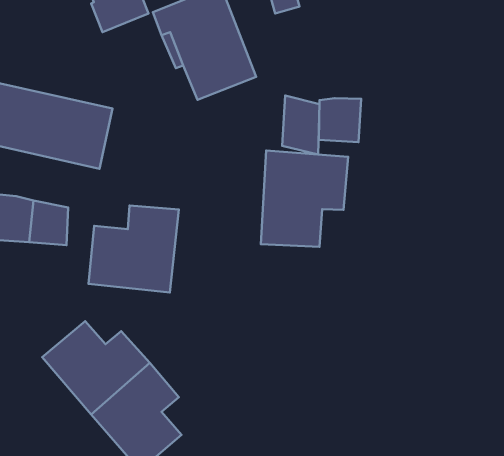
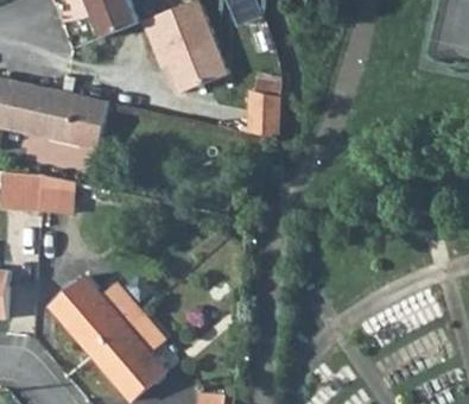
building: [319,98,361,142] -> none
building: [261,151,348,247] -> none
building: [89,206,179,292] -> none

